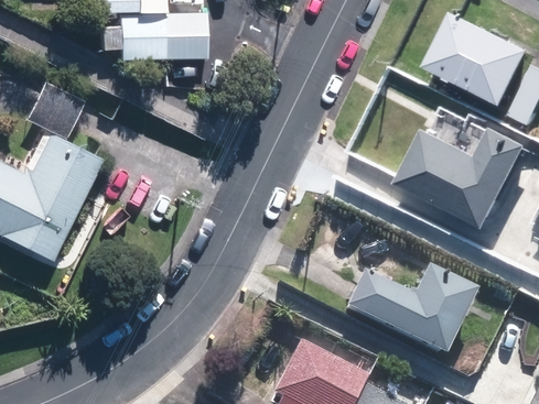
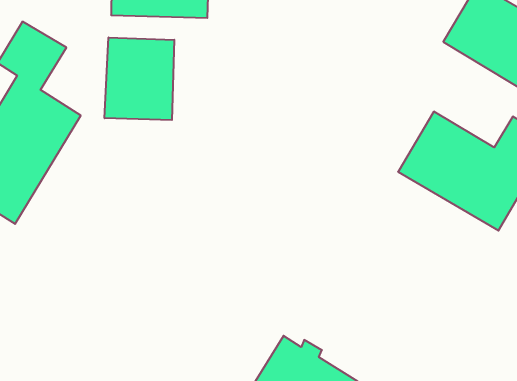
building: none -> [105,37,174,120]
building: [346,264,479,354] -> none

